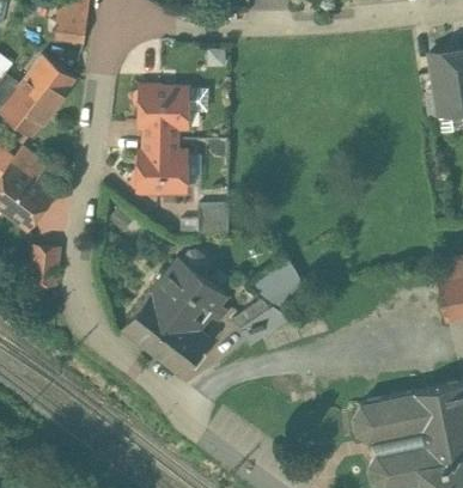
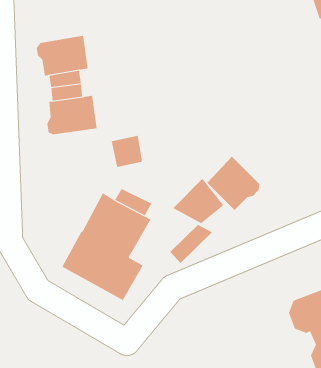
building: none -> [206,156,260,211]

